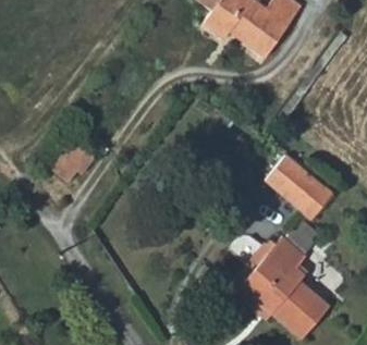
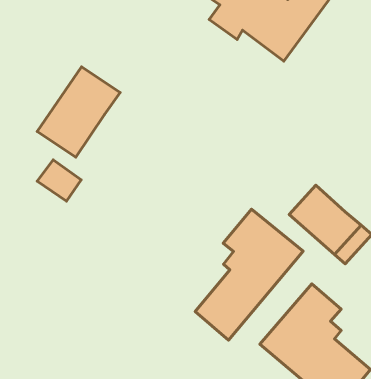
building: none -> [37,67,120,157]
building: none -> [195,209,303,340]

